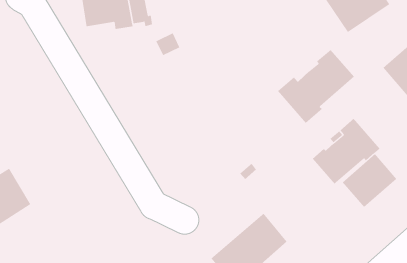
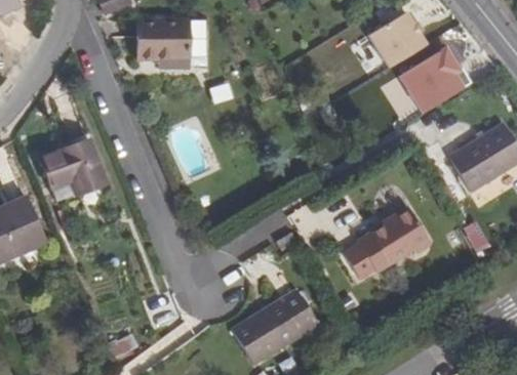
building: [277,49,355,124] -> none
building: none -> [41,141,104,202]
building: [342,153,397,208] -> none

